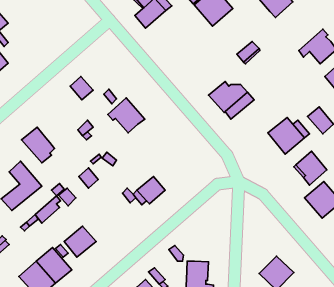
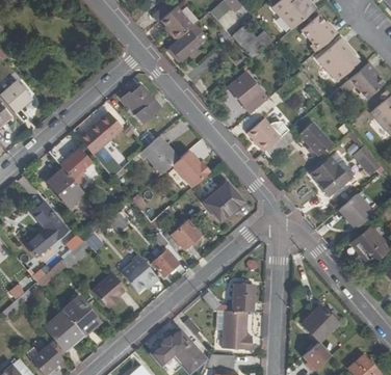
building: none -> [317,39,361,82]
building: none -> [228,73,266,113]
building: none -> [121,84,160,123]
building: none -> [298,123,333,156]
building: none -> [79,124,110,154]
building: none -> [48,146,90,179]
building: none -> [171,151,209,187]
building: none -> [204,183,242,221]
building: none -> [151,249,179,276]
building: none -> [121,256,158,291]
building: none -> [231,283,255,313]

